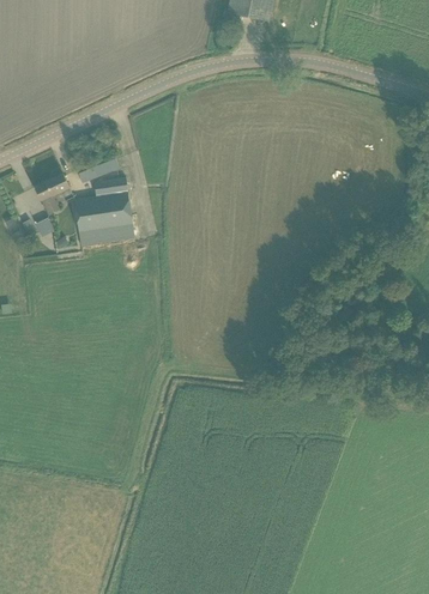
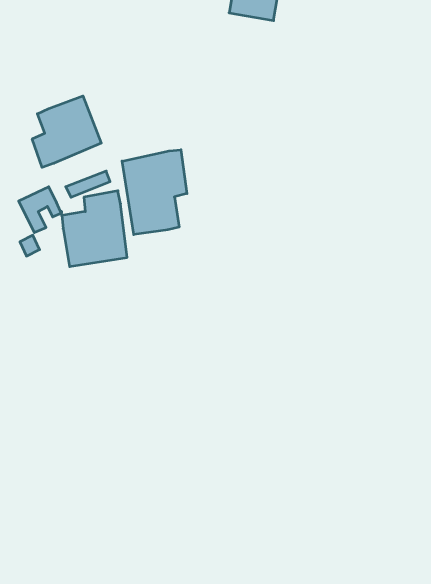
building: none -> [32,96,101,167]
building: none -> [122,150,187,235]

